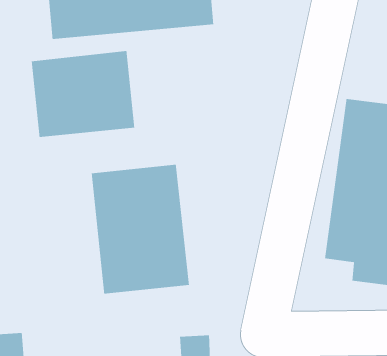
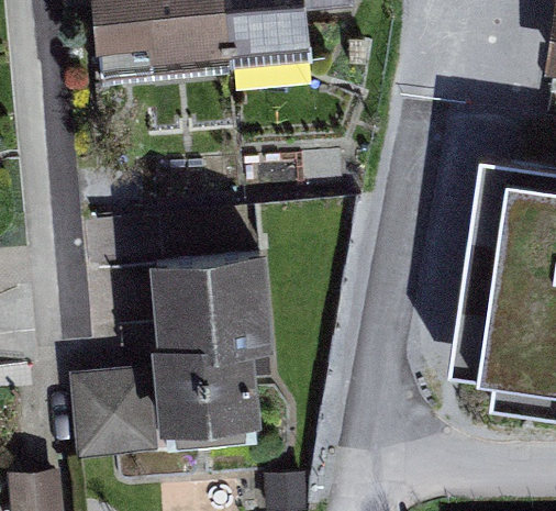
building: [31,50,135,138] -> none
building: none -> [74,367,156,455]

